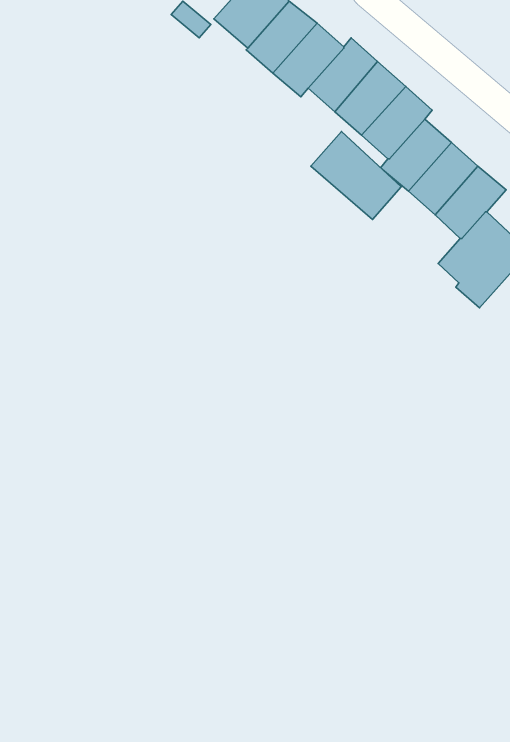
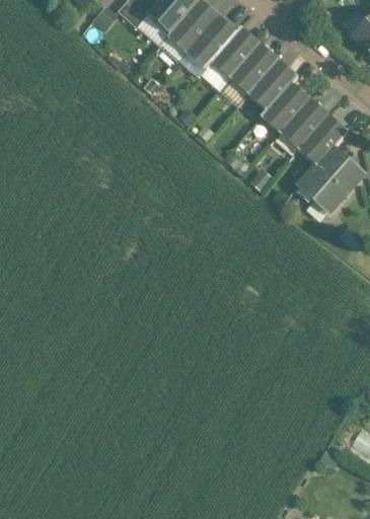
building: [311,132,401,219] -> none

